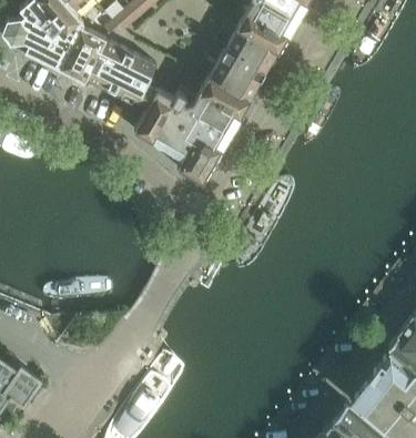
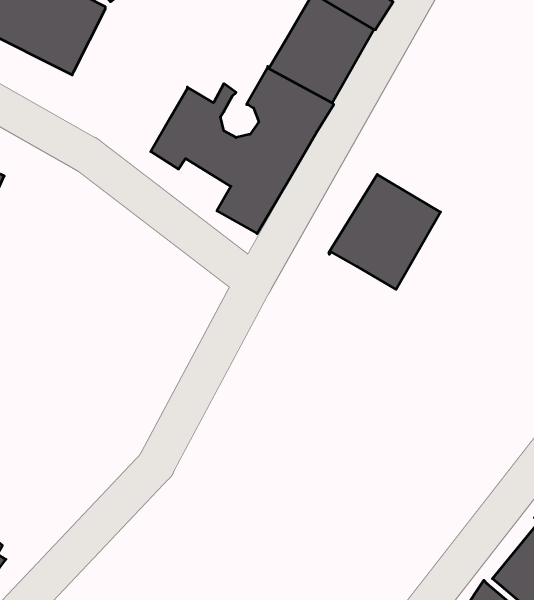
building: [85,39,158,109] -> none
building: none -> [329,174,441,289]

